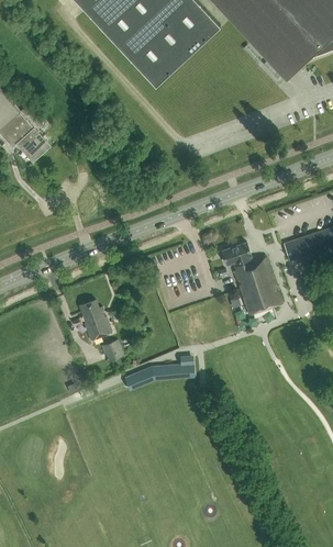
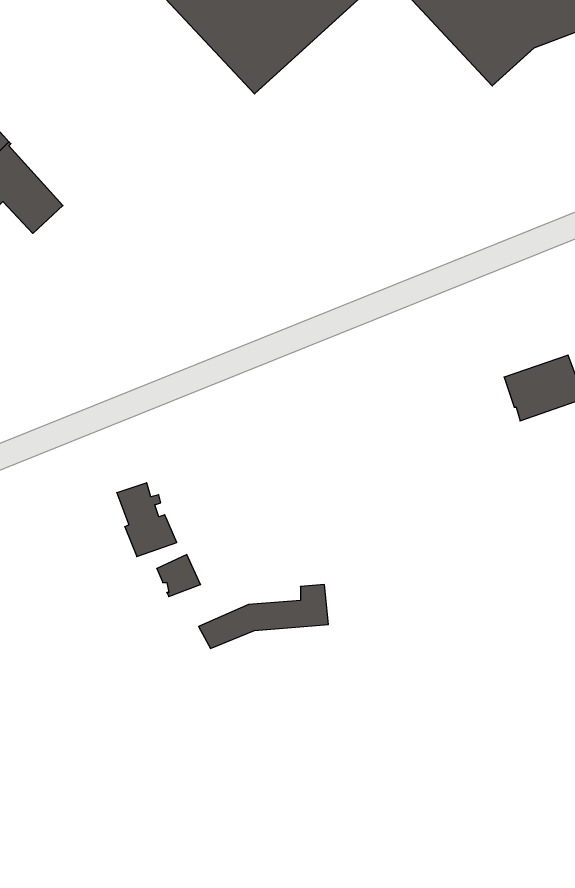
building: [222,242,282,314] -> none

